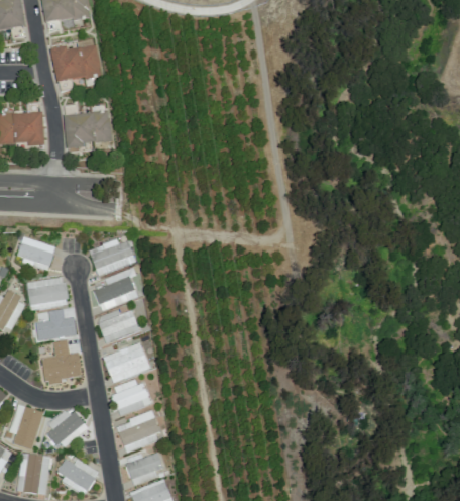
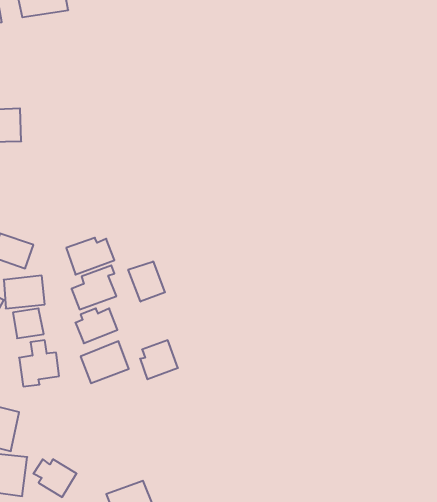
building: [50,44,102,82] -> none
building: [64,111,112,152] -> none
building: none -> [128,261,165,302]
building: [112,377,149,415] -> [140,340,178,379]
building: [48,407,88,449] -> none
building: [116,411,161,452] -> none
building: [126,454,162,484] -> none

